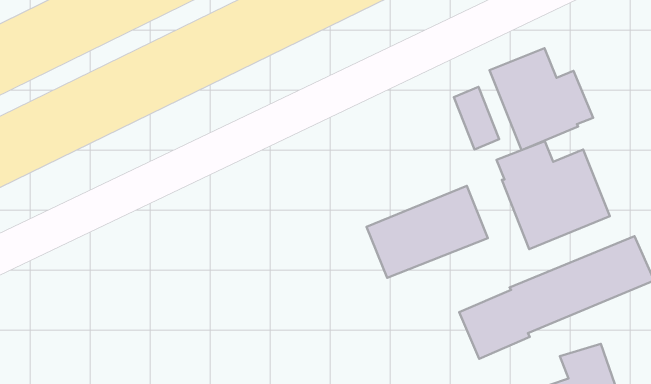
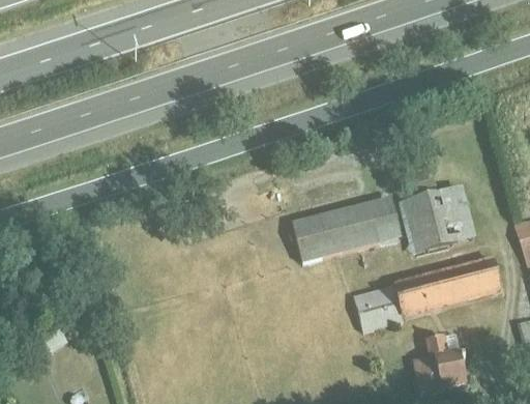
building: [490,48,593,150] -> none
building: [454,87,499,149] -> [372,196,402,242]

